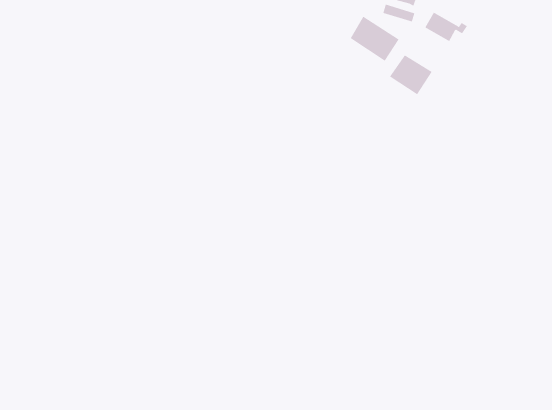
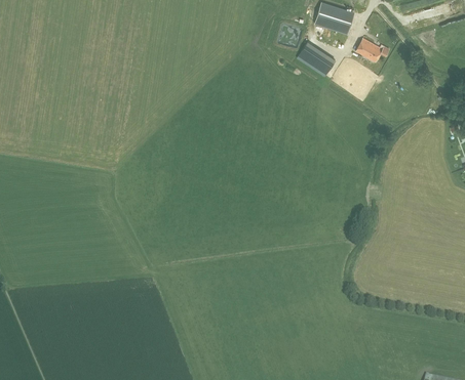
building: [389,54,432,95] -> none

